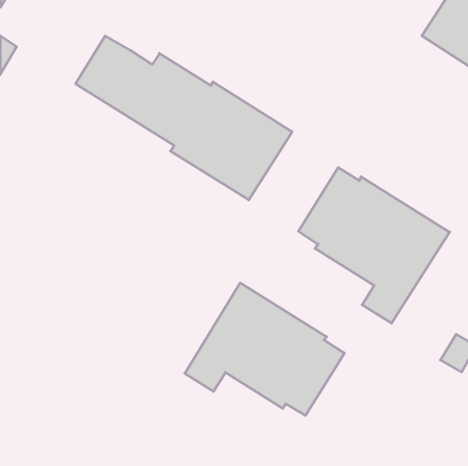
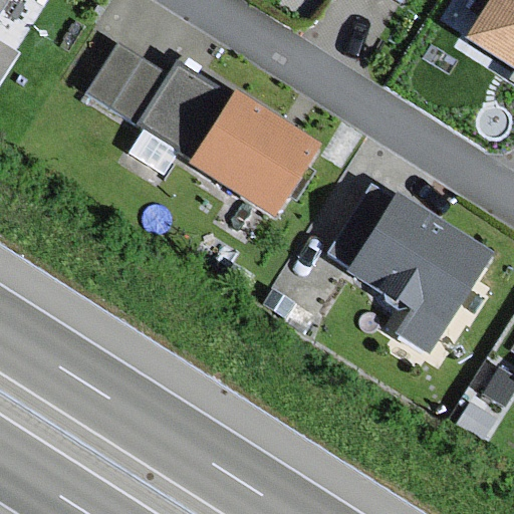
building: [185,283,344,415] -> none

